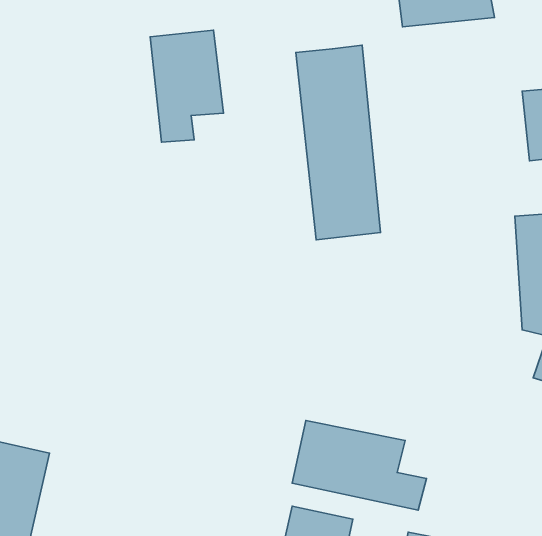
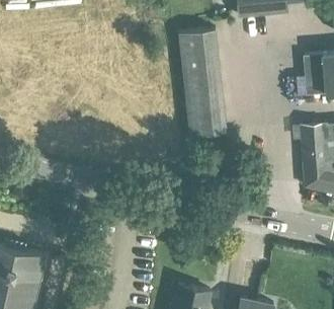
building: [150,30,224,142] -> none
building: [292,420,426,510] -> none

